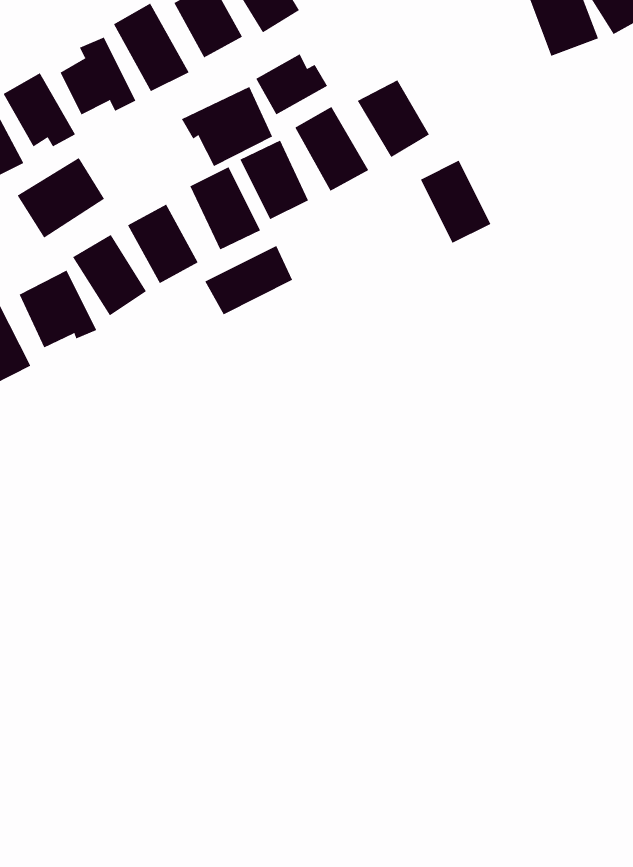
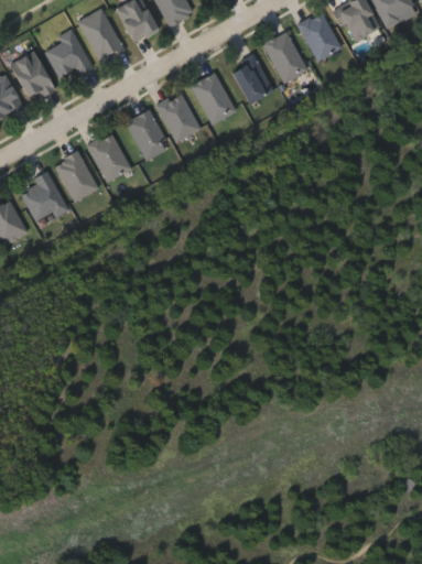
building: none -> [296,11,342,62]
building: [256,54,328,115] -> none
building: [181,86,273,167] -> none
building: [17,157,105,238] -> none
building: [420,160,491,244] -> [262,31,306,83]
building: [204,245,293,315] -> none

